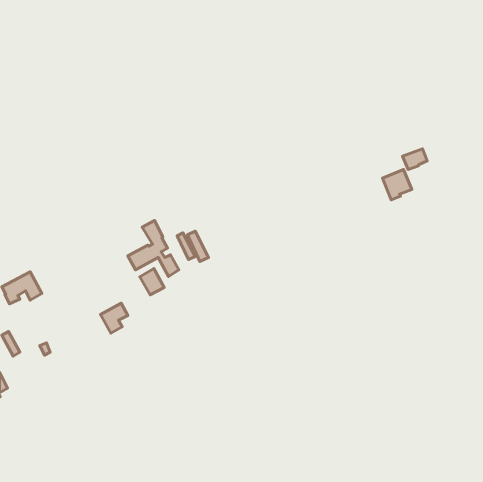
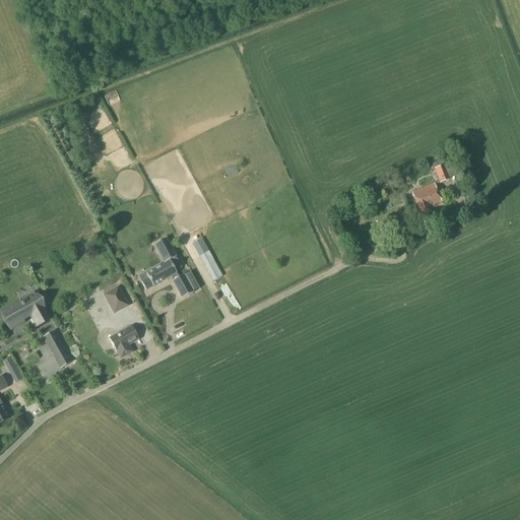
building: [140,268,164,295] -> [102,284,128,313]
building: none -> [42,329,72,367]

